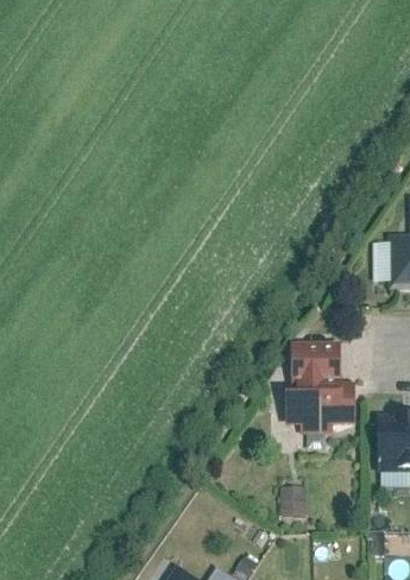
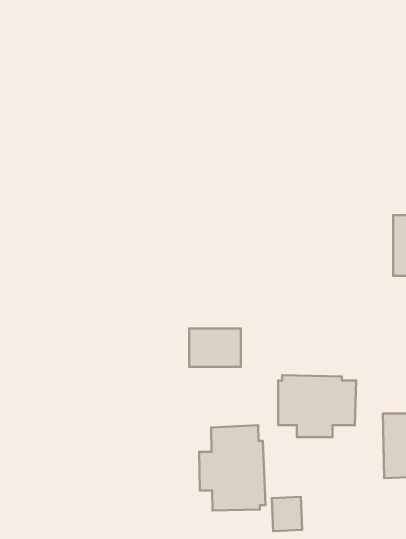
building: [292,342,339,377] -> [189,328,241,367]
building: none -> [199,425,265,510]

